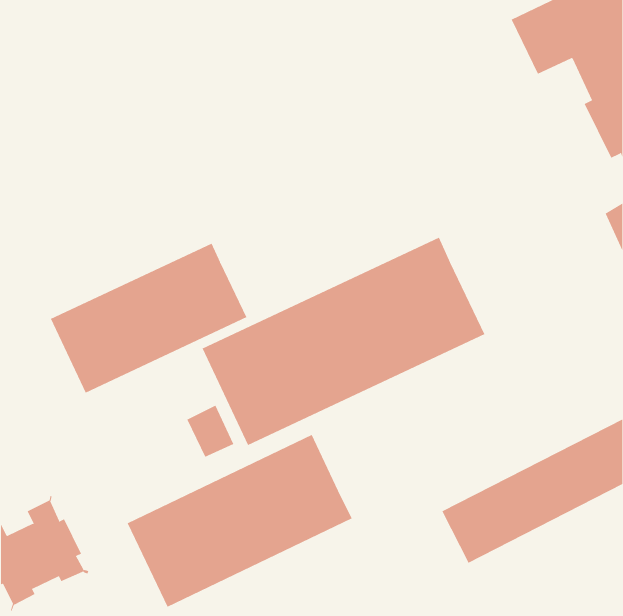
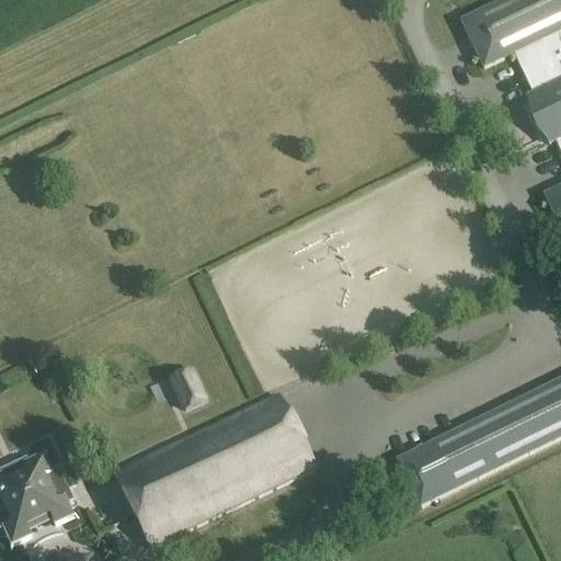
building: [202,237,485,446] -> none
building: [50,243,247,393] -> none

